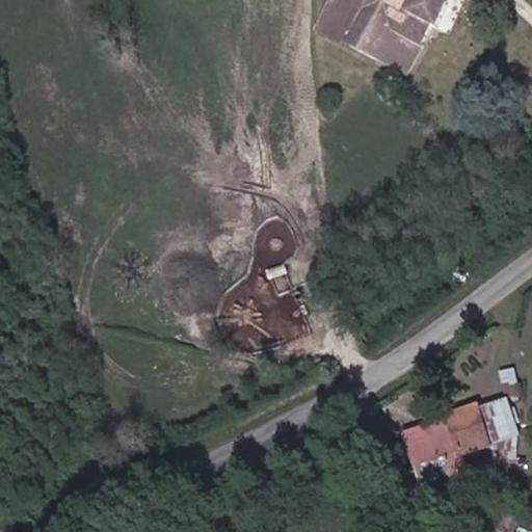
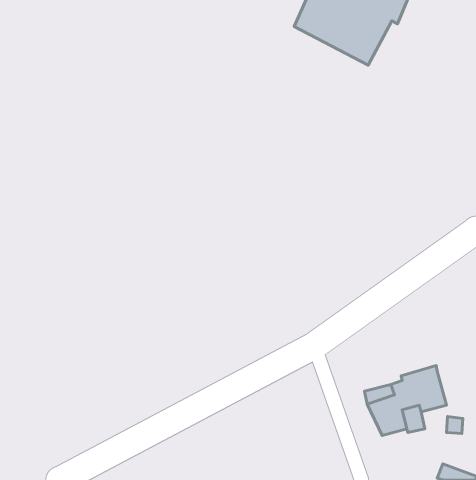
building: [480,400,517,445] -> none

